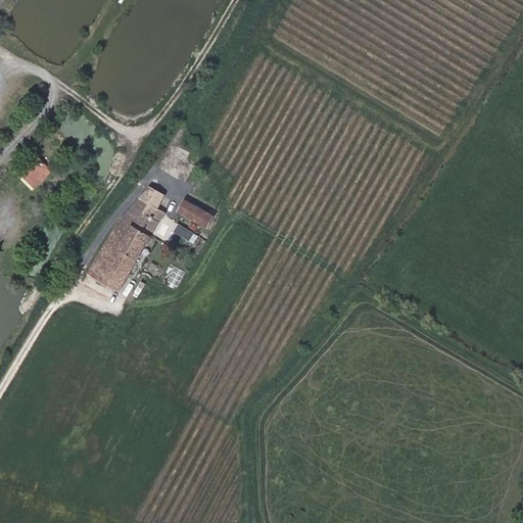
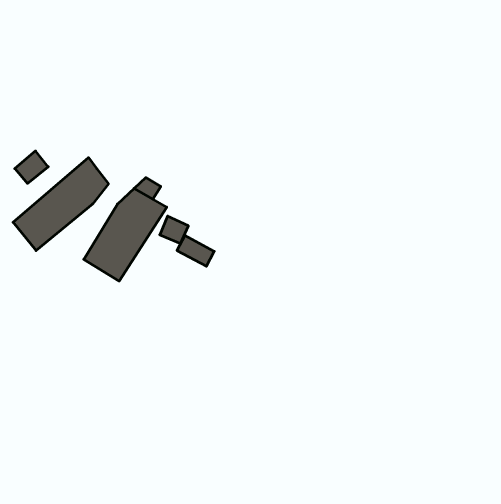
building: none -> [13,158,108,251]
building: [174,199,212,231] -> [177,236,214,266]

